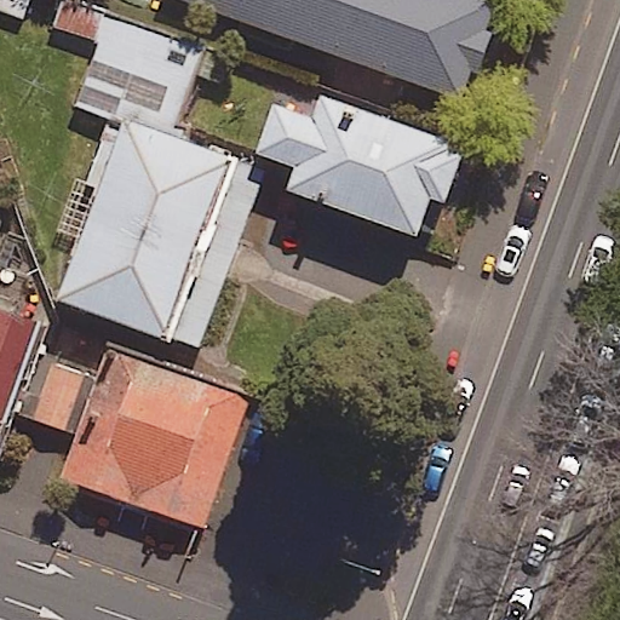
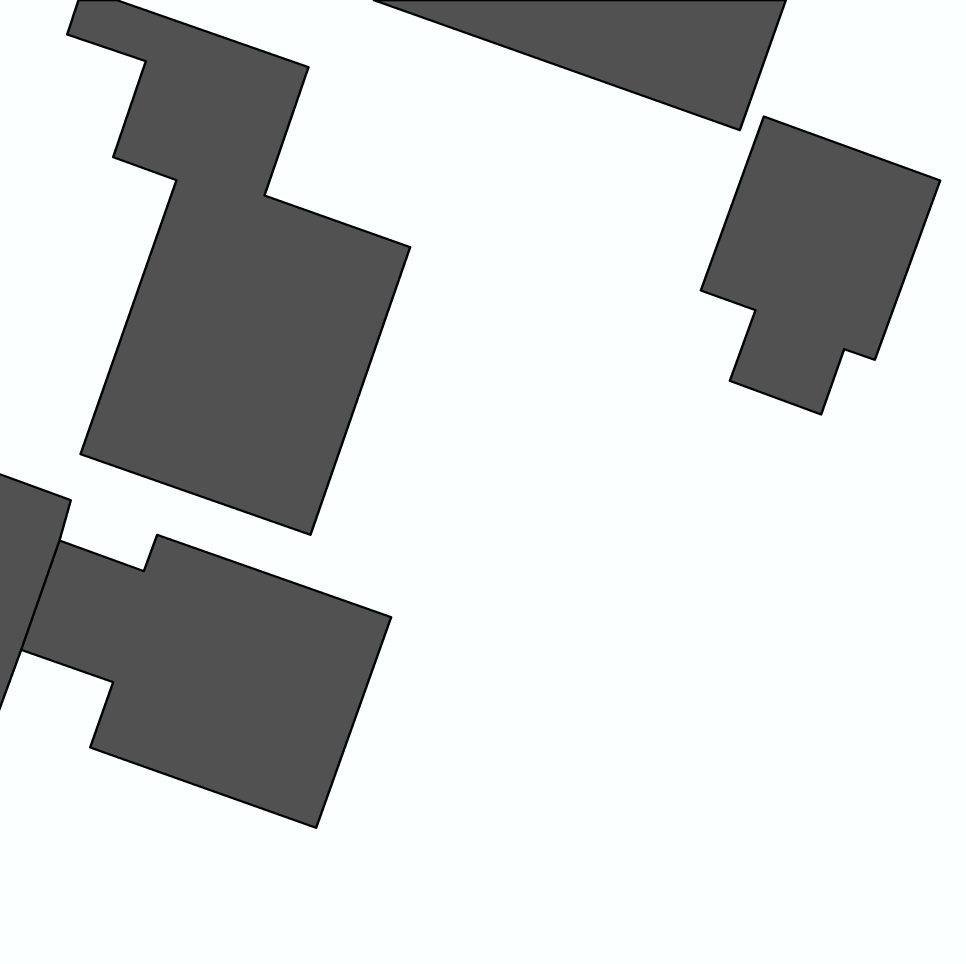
building: none -> [701,117,940,414]
building: [253,90,459,235] -> none

